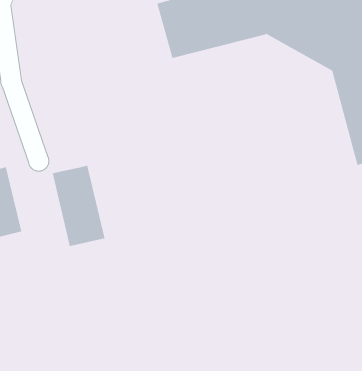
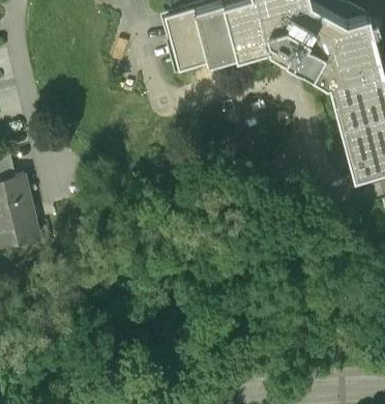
building: [52,165,105,247] -> none

